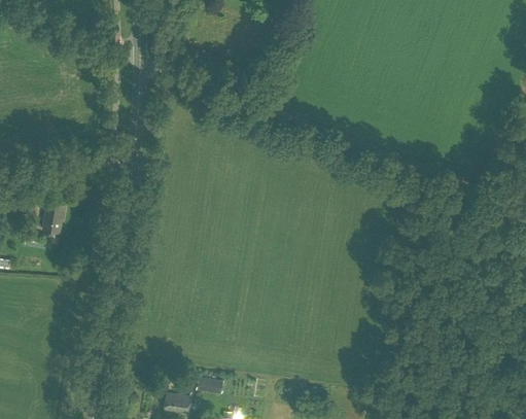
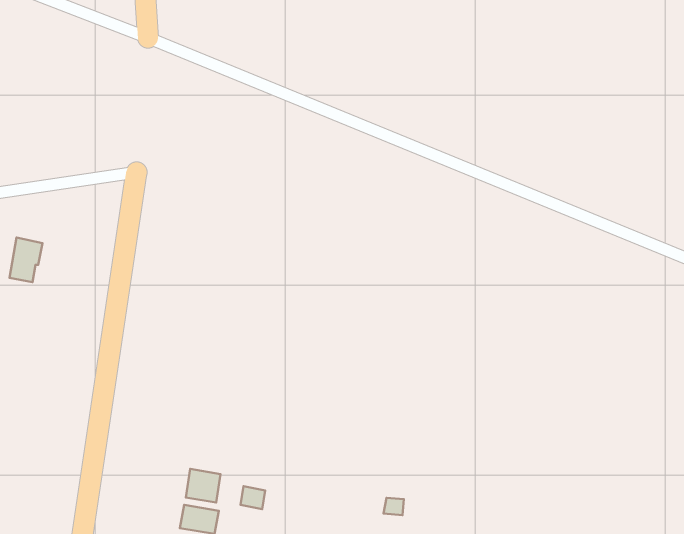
building: none -> [186,469,221,503]

